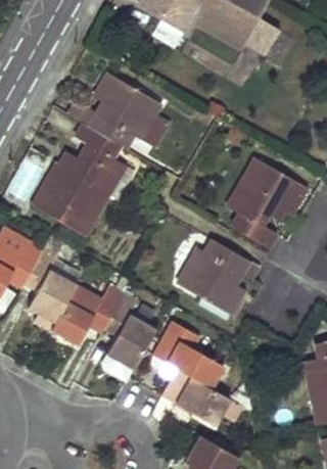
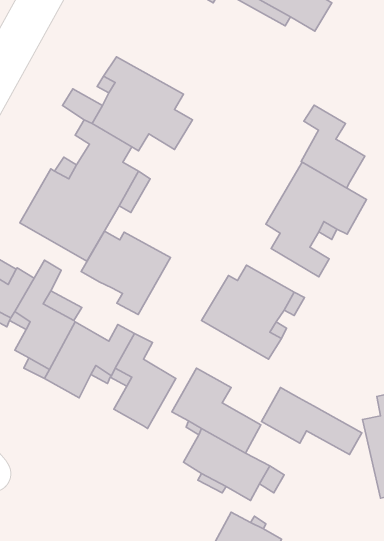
building: none -> [301,105,365,188]
building: none -> [81,231,170,314]
building: none -> [262,388,362,454]

